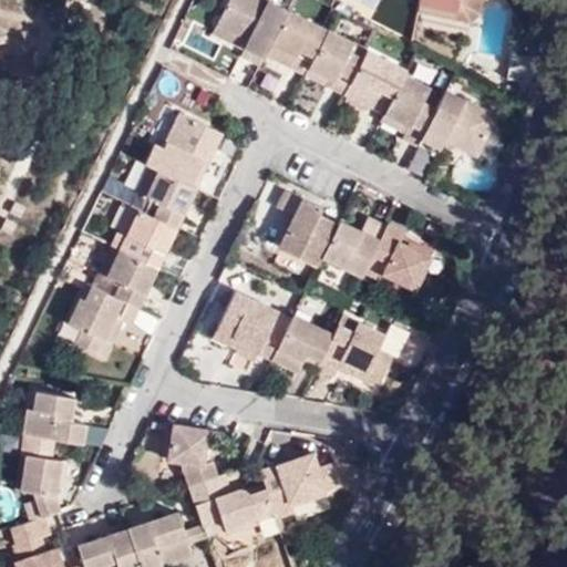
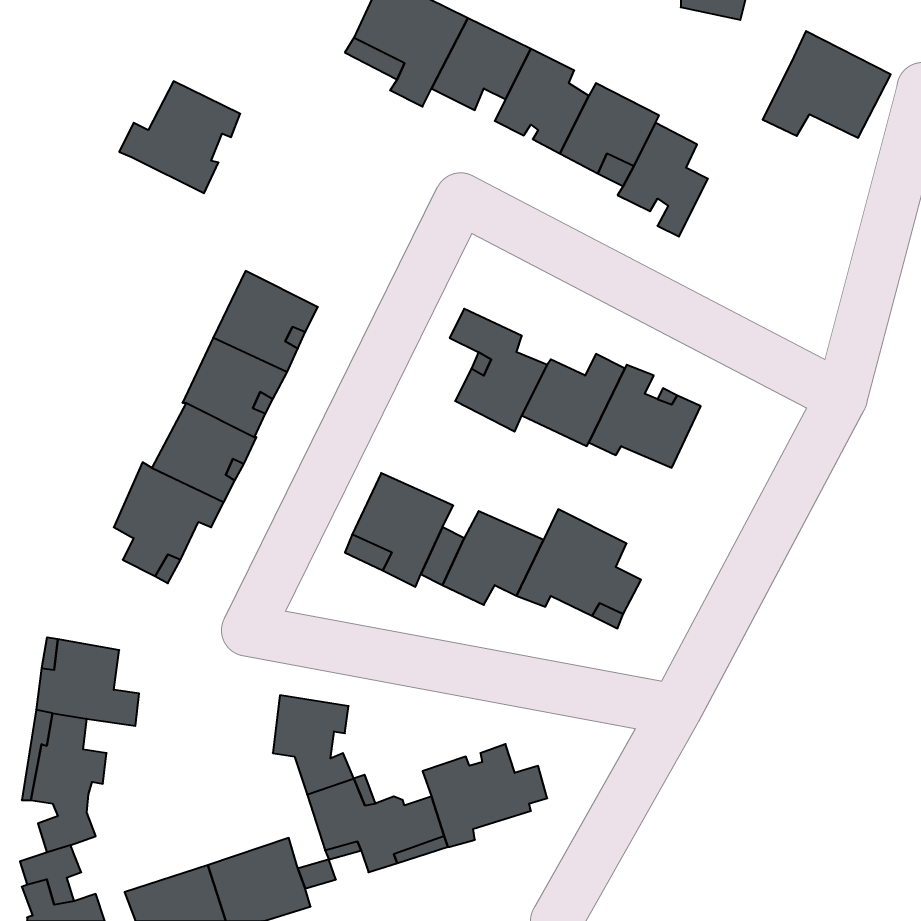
building: [417,91,496,156] -> [763,31,891,138]
building: [144,120,218,188] -> [119,81,240,193]

